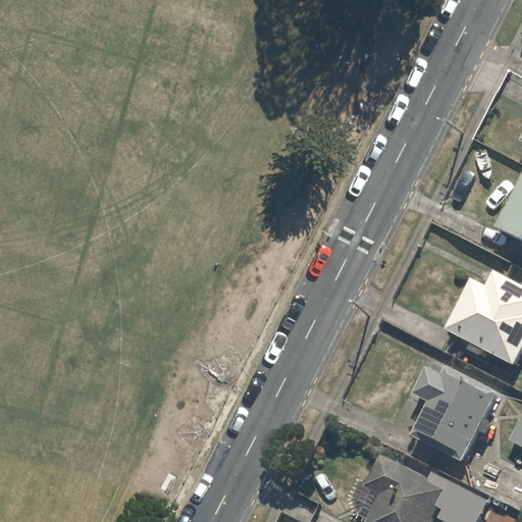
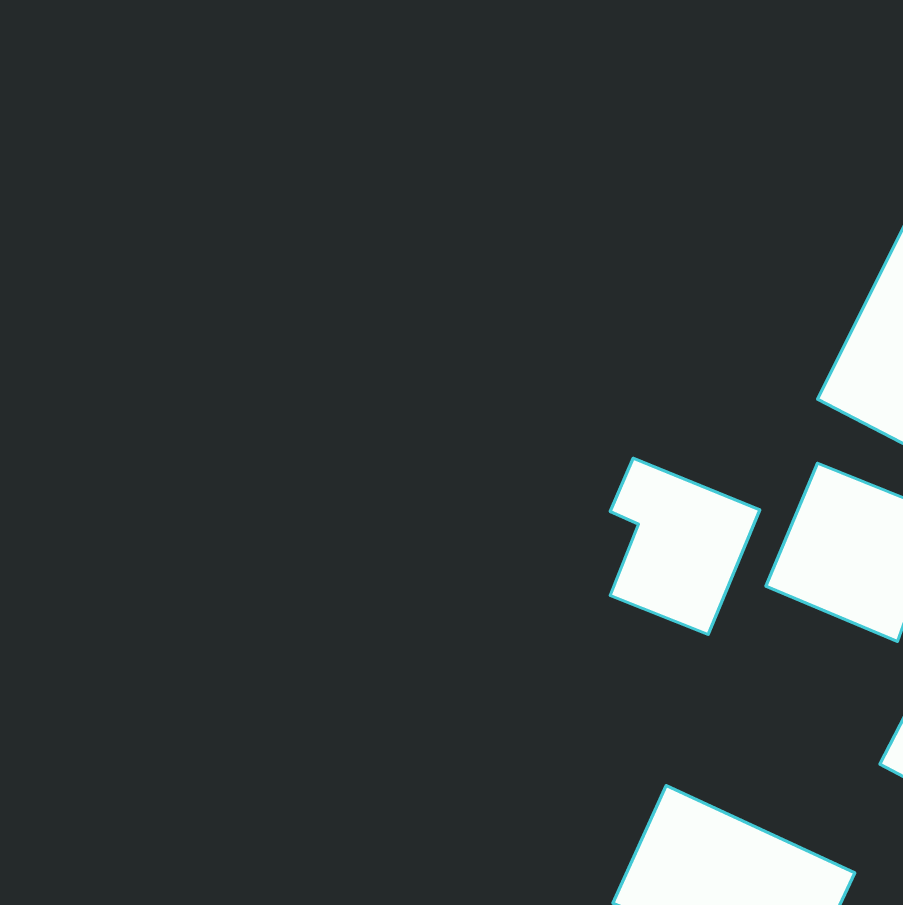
building: [416,361,502,462] -> [610,458,760,635]

